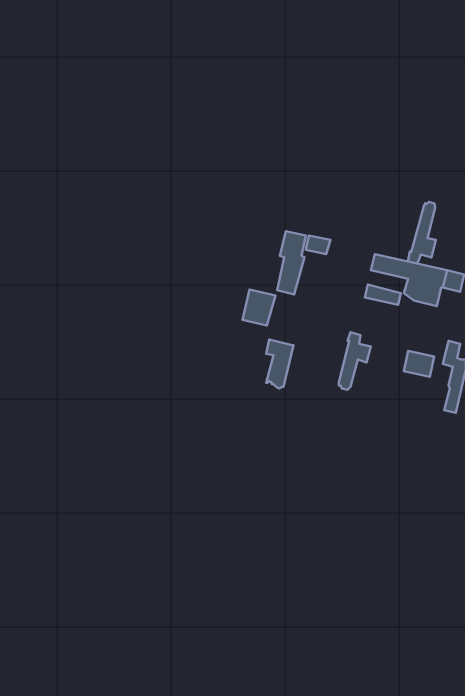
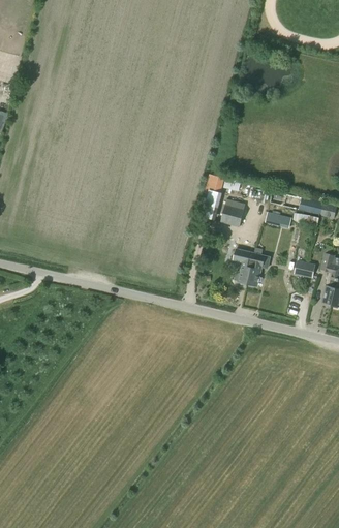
building: [408,202,436,264] -> none
building: [242,290,276,326] -> [221,199,245,225]
building: [266,339,294,388] -> [235,248,254,283]

